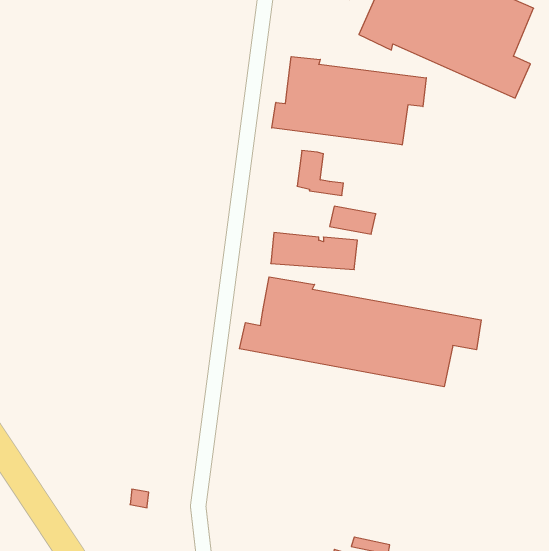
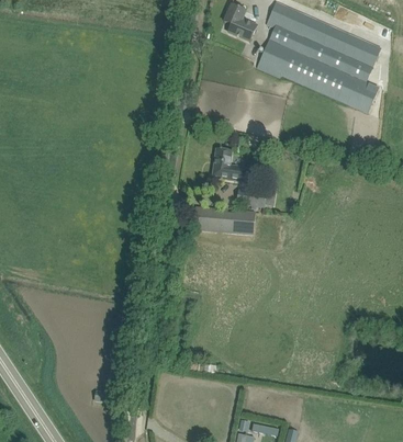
building: [272,57,426,145] -> none
building: [239,277,481,387] -> none

